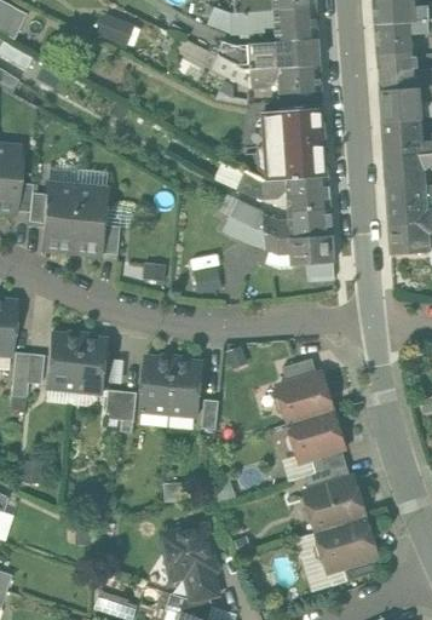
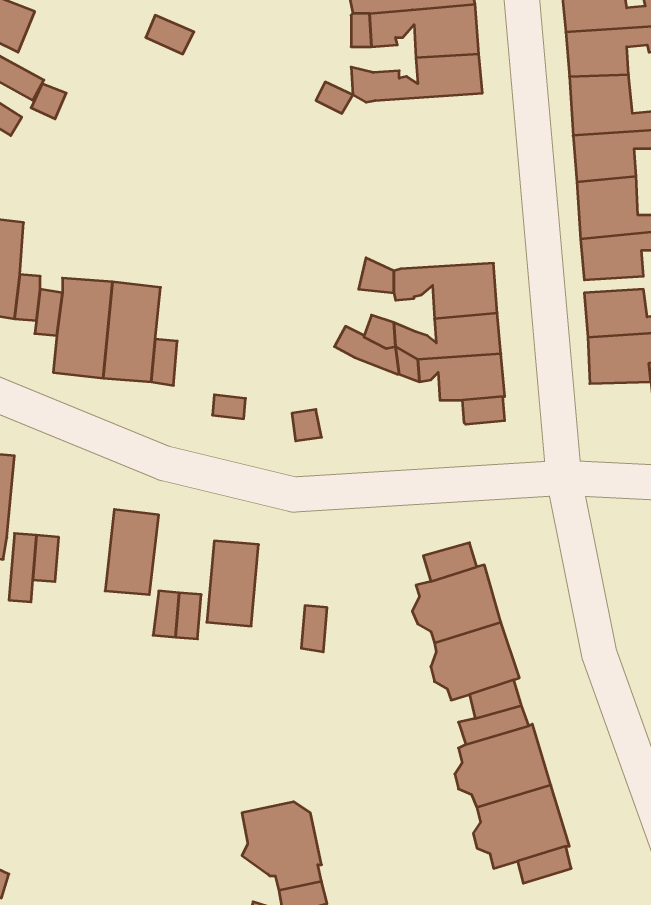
building: [249,63,321,93] -> none
building: [261,107,327,178] -> none
building: [44,333,79,389] -> none
building: [168,358,202,414] -> none

